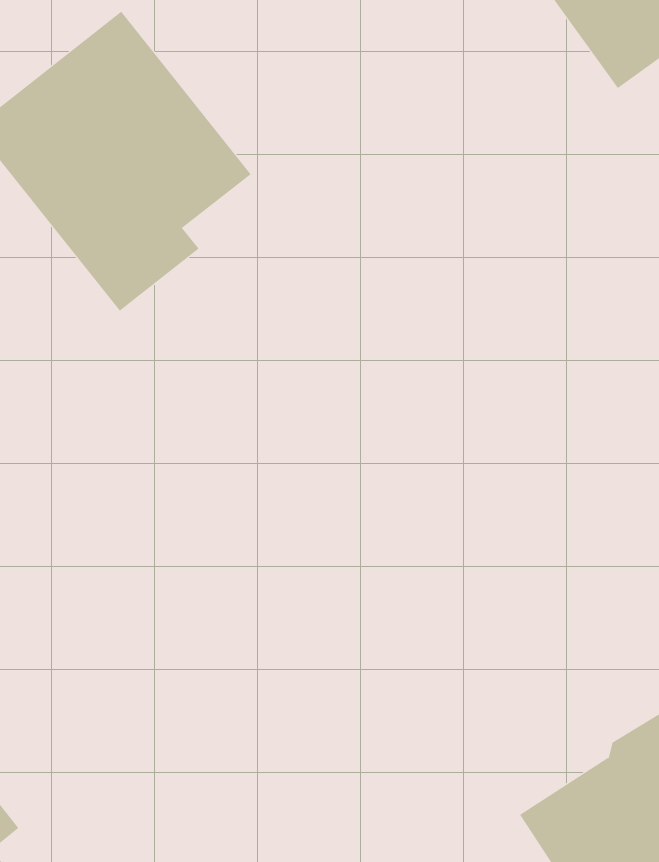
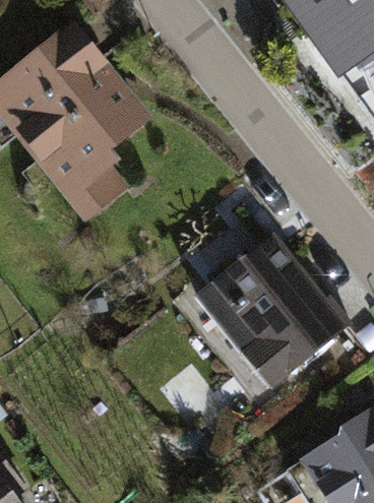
building: none -> [199,240,346,384]

